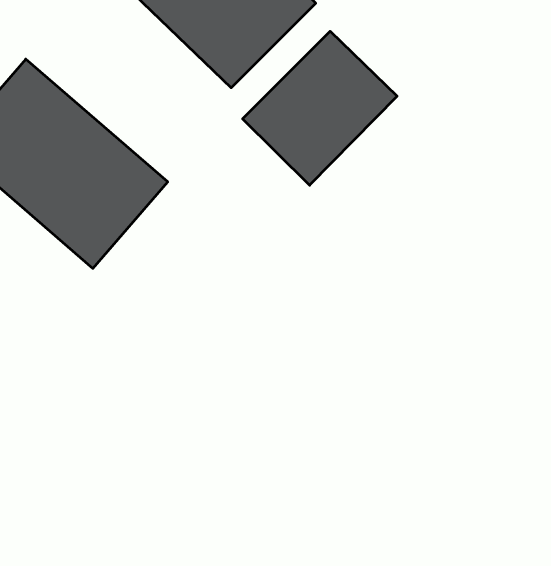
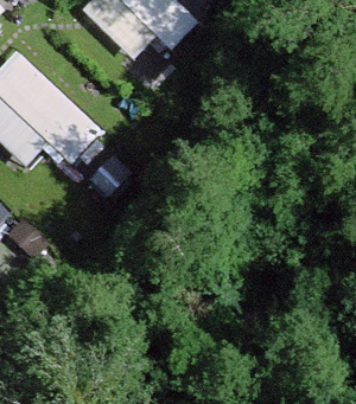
building: [243,31,397,185] -> none

